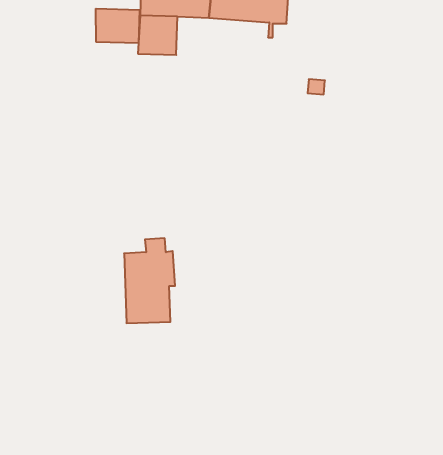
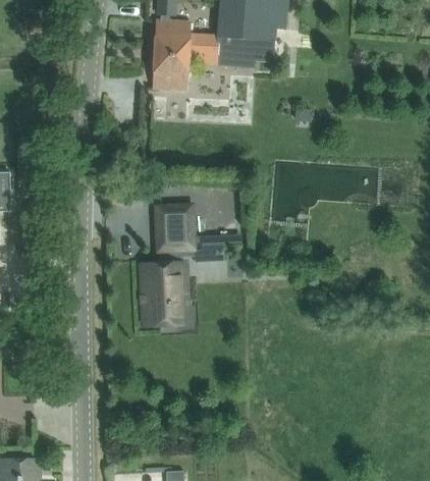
building: [96,9,140,43] -> none
building: none -> [156,205,223,262]

